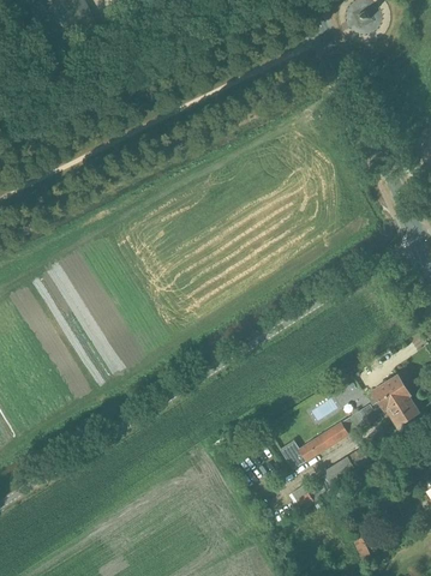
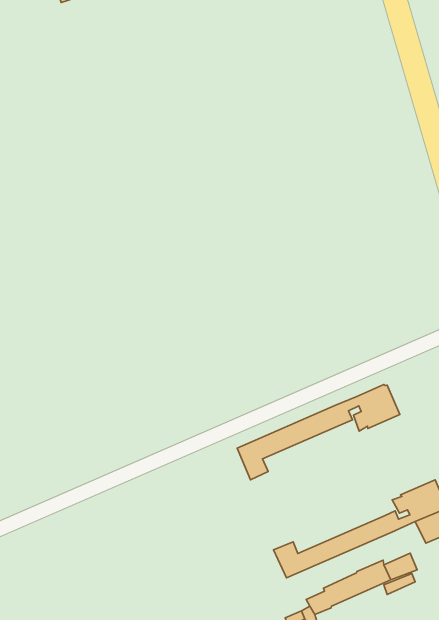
building: none -> [237,384,400,480]

